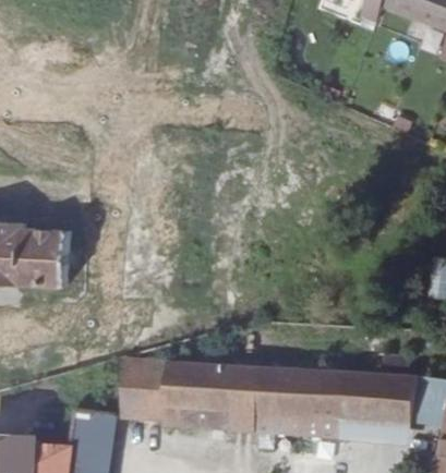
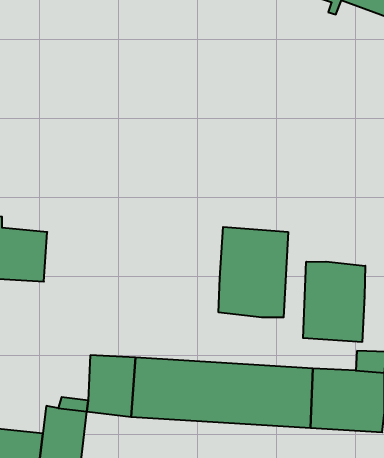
building: none -> [219,227,288,317]
building: none -> [303,262,365,342]

